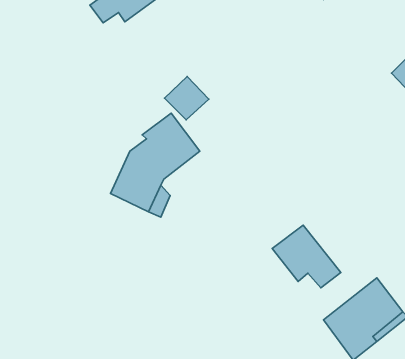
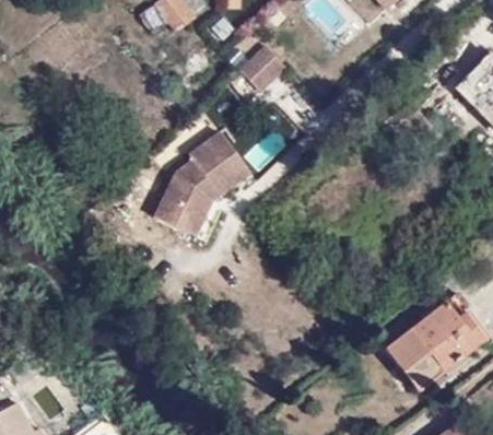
building: [164,77,209,120] -> [242,42,289,87]
building: [272,225,341,288] -> none

